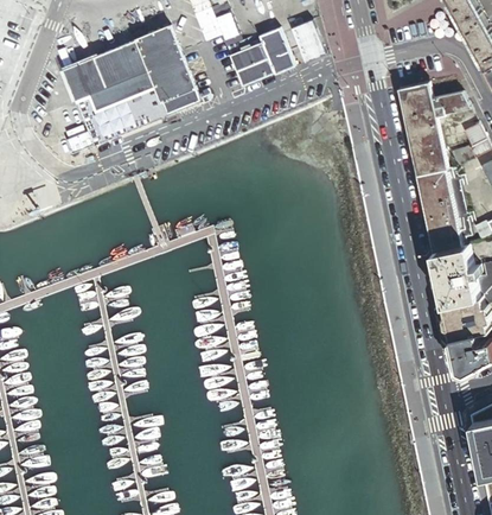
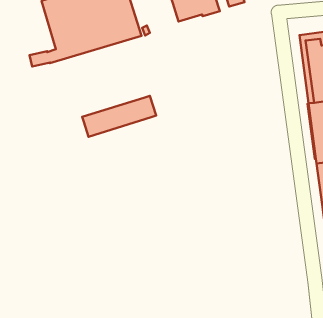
building: none -> [82,96,156,137]

